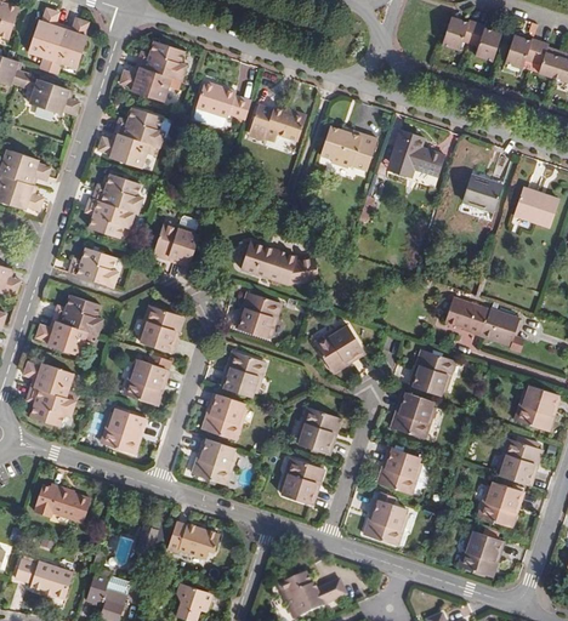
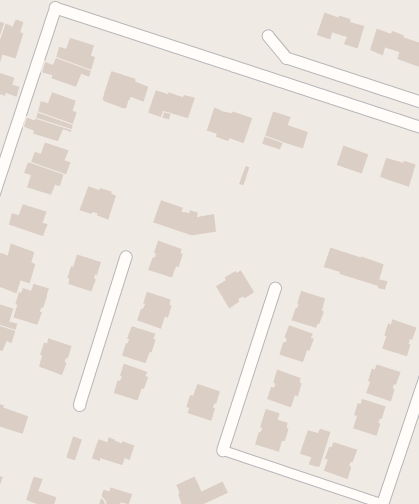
building: [126,355,171,406] -> [12,283,50,325]
building: [299,411,341,456] -> none
building: none -> [299,428,331,468]

